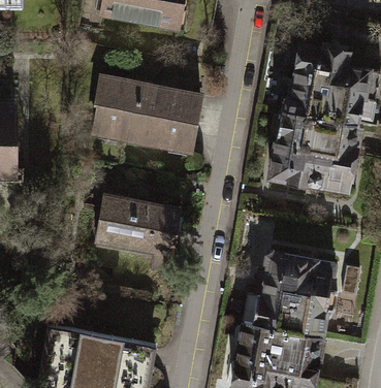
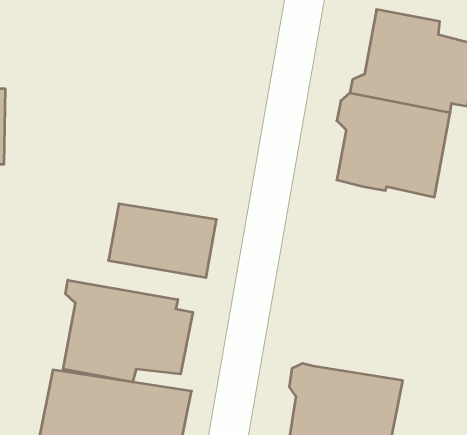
building: [93,80,198,150] -> none
building: [254,255,340,336] -> none
building: none -> [63,280,193,382]

